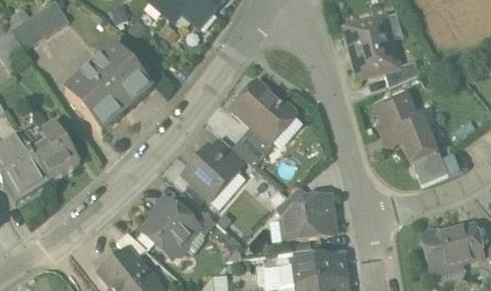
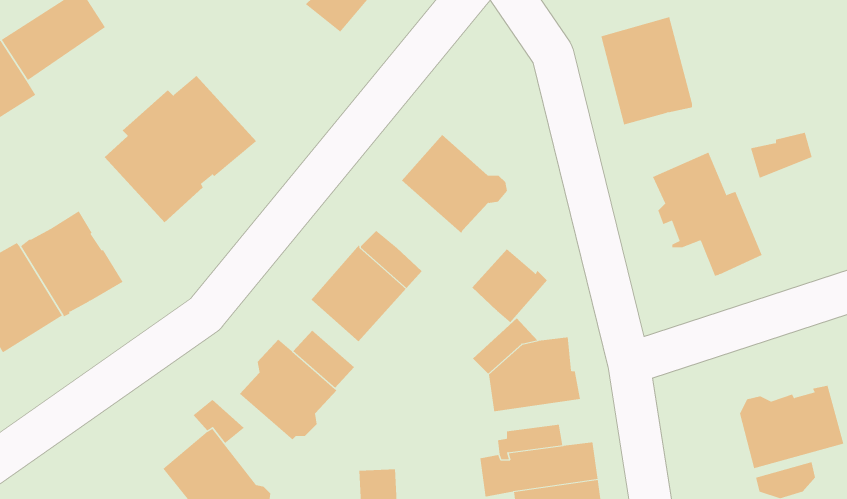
building: [384,61,419,87] -> [750,132,812,179]
building: [232,124,275,166] -> [471,248,548,323]
building: [413,150,447,183] -> none

